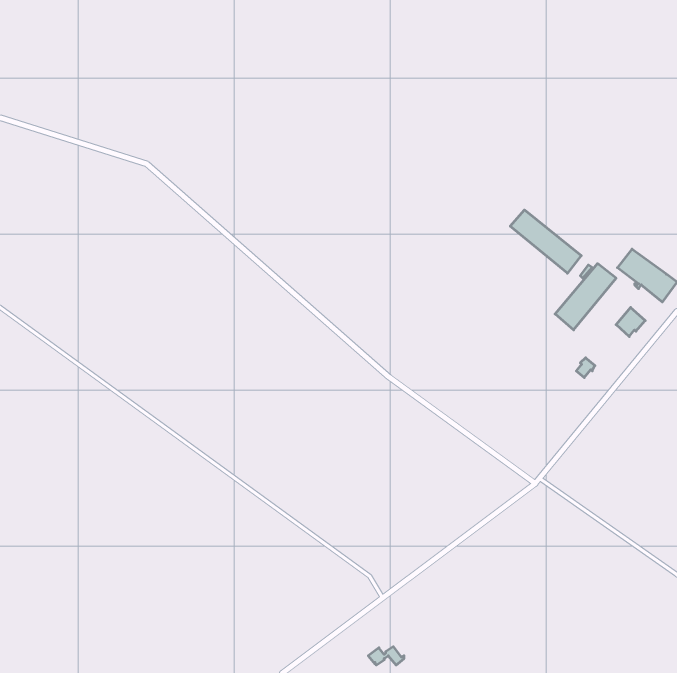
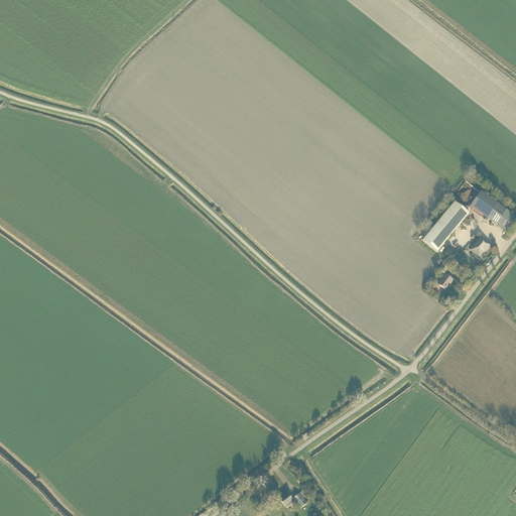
building: [510,210,581,273] -> none

